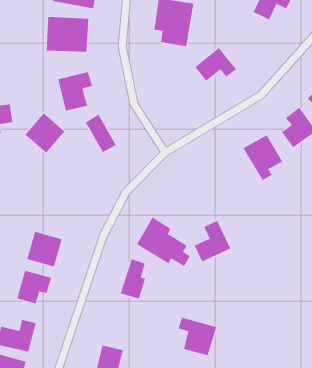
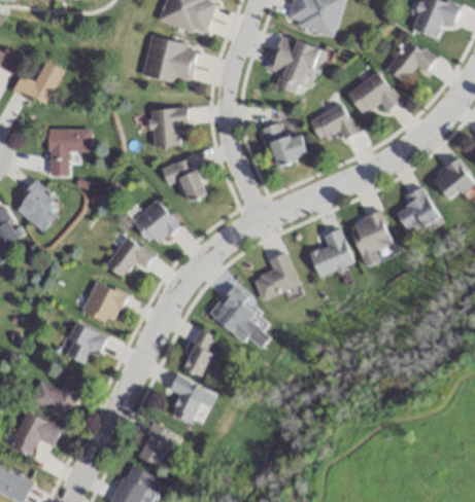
building: none -> [348,71,401,115]
building: none -> [266,123,308,166]
building: [25,113,65,153] -> [133,199,180,246]
building: none -> [311,228,354,277]
building: none -> [105,236,154,278]
building: [194,220,231,262] -> [256,253,298,298]
building: [178,317,217,356] -> [170,378,215,427]

